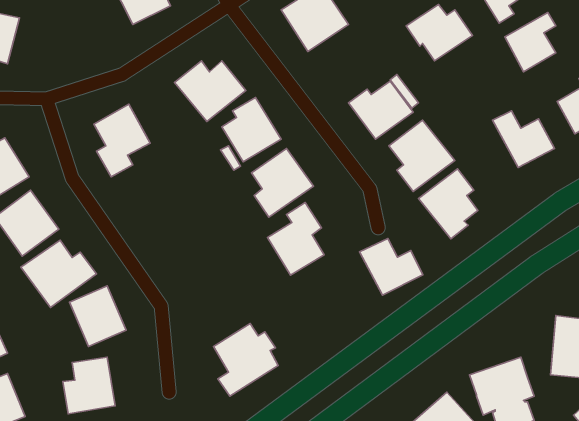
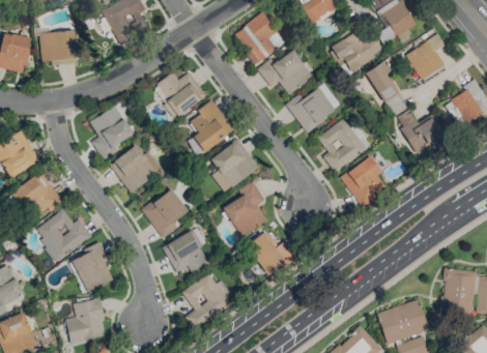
building: none -> [38,29,78,64]
building: none -> [257,49,313,94]
building: none -> [360,60,406,115]
building: none -> [109,144,162,193]
building: none -> [142,188,188,238]
building: [360,238,423,295] -> [247,231,295,274]
building: none -> [162,228,209,273]

